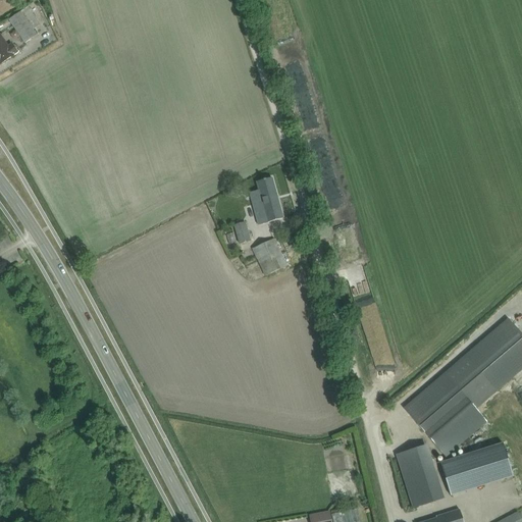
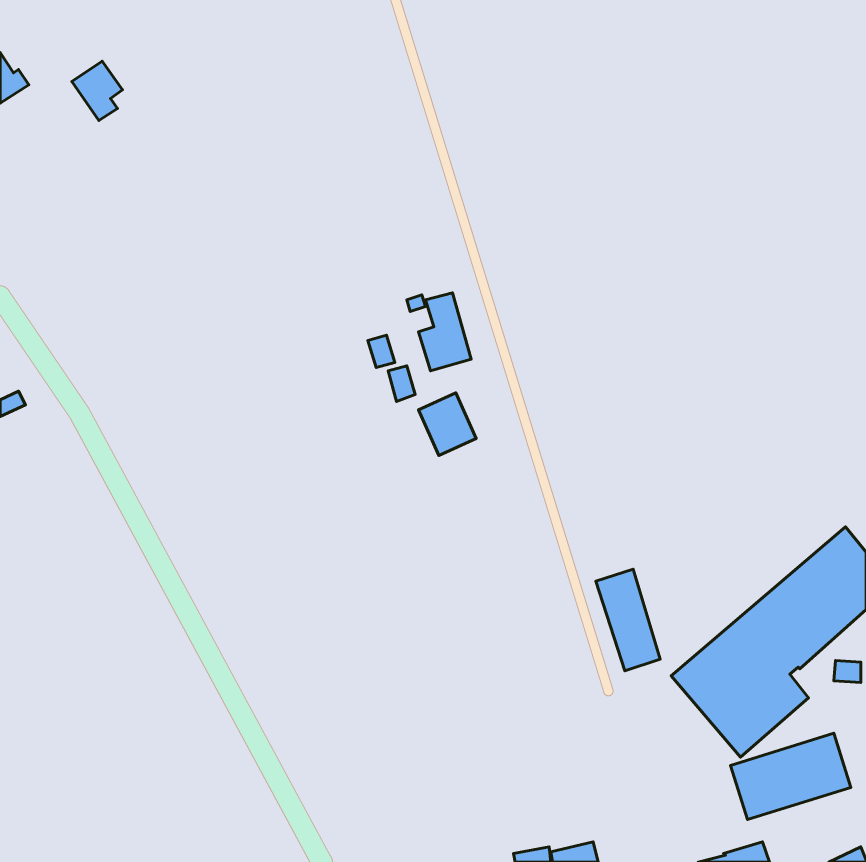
building: [9,5,40,41] -> [72,61,123,120]
building: [397,446,435,507] -> [596,569,660,671]

